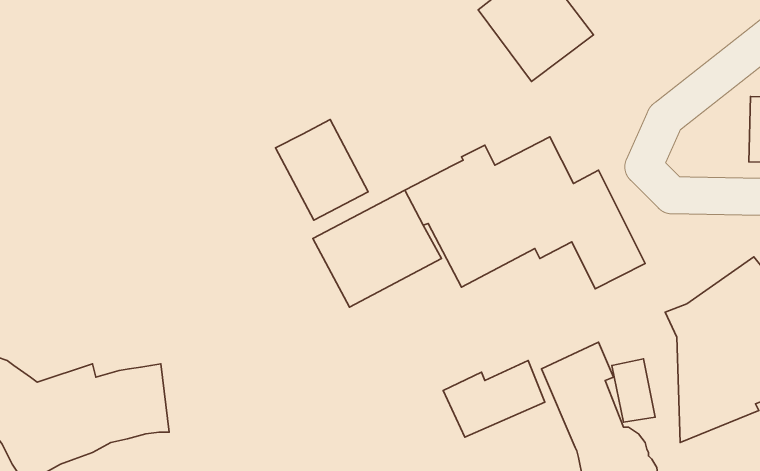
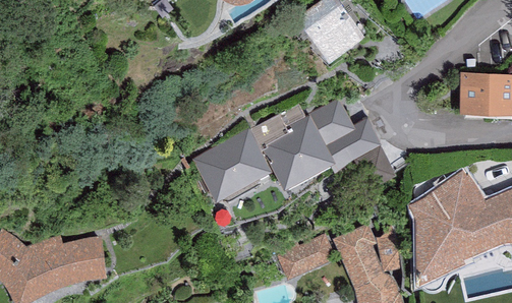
building: [276,120,368,220] -> none

